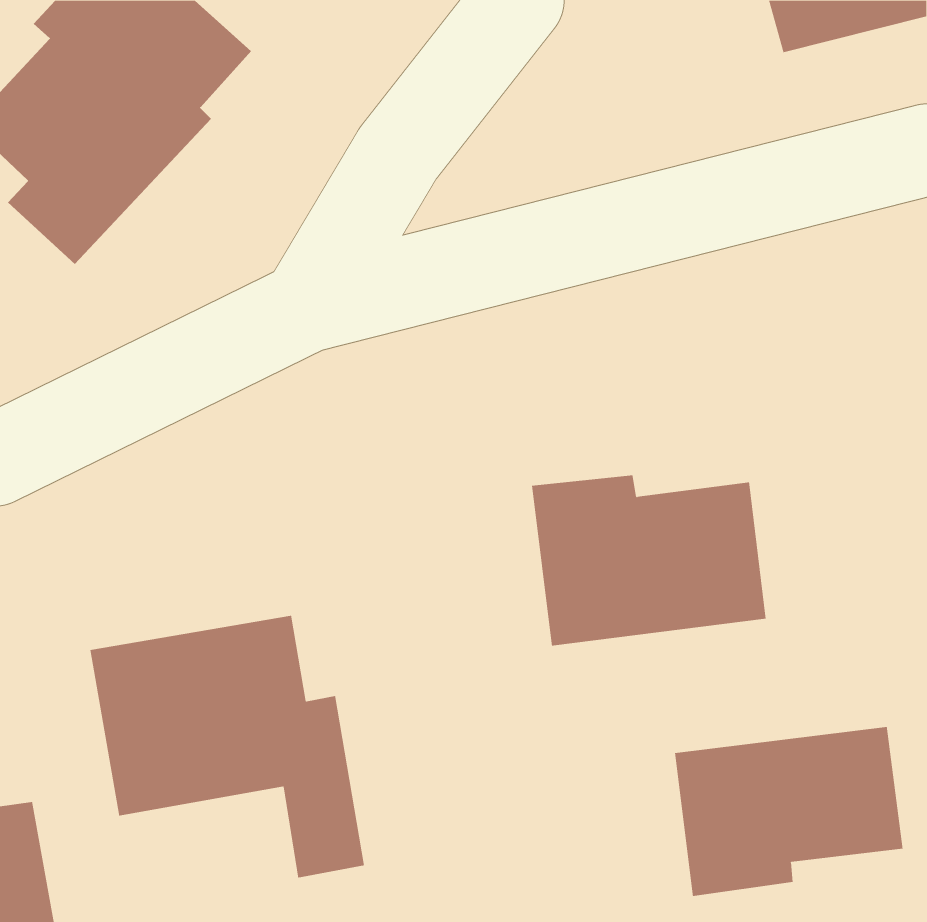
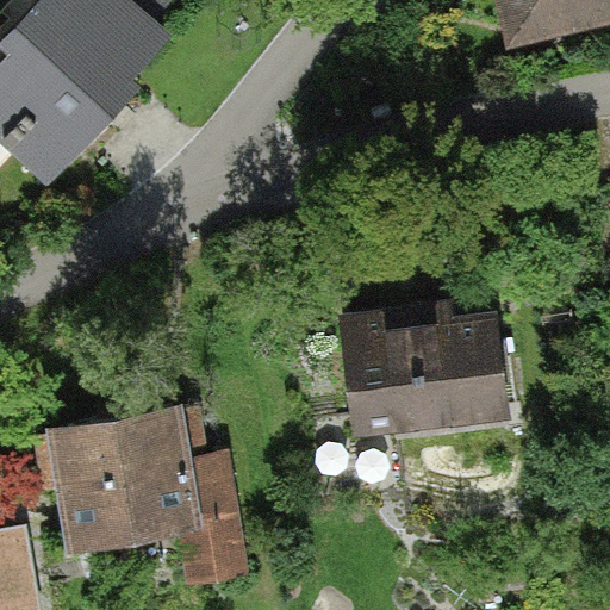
building: [675,726,903,897] -> none

